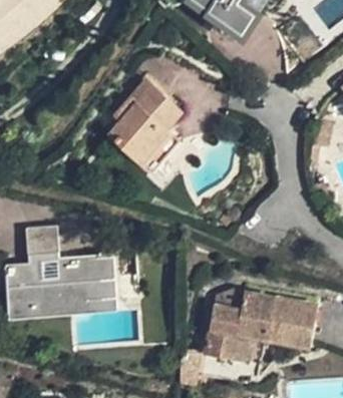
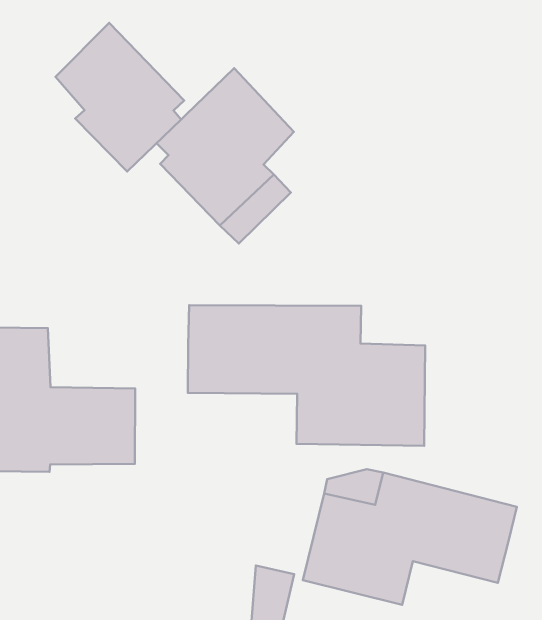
building: none -> [55,23,184,171]
building: none -> [188,305,425,446]

